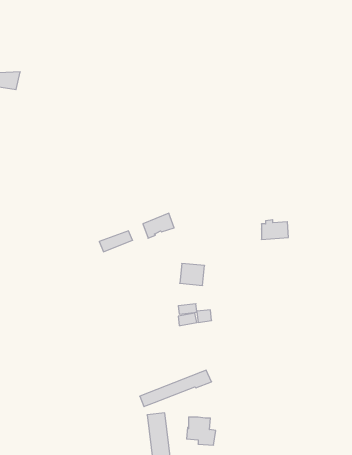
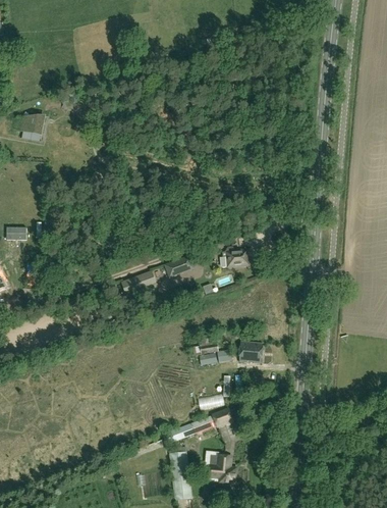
building: [261,220,288,239] -> [222,247,248,266]
building: [180,264,205,285] -> [238,341,263,362]

